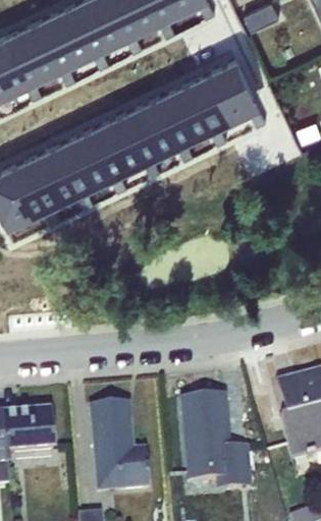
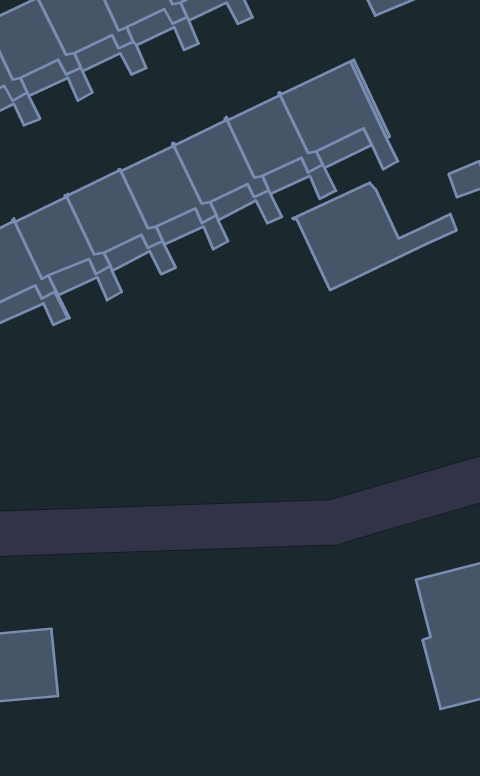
building: none -> [292,183,456,290]
building: [181,398,253,494] -> none
building: [90,406,150,497] -> none

